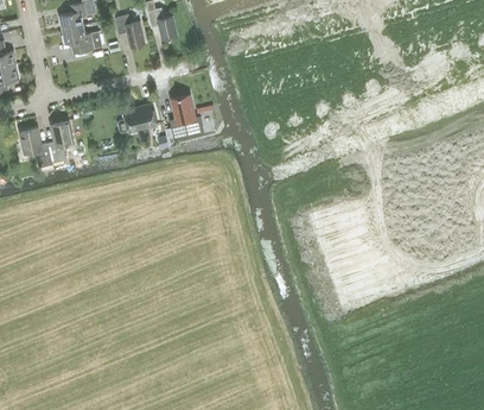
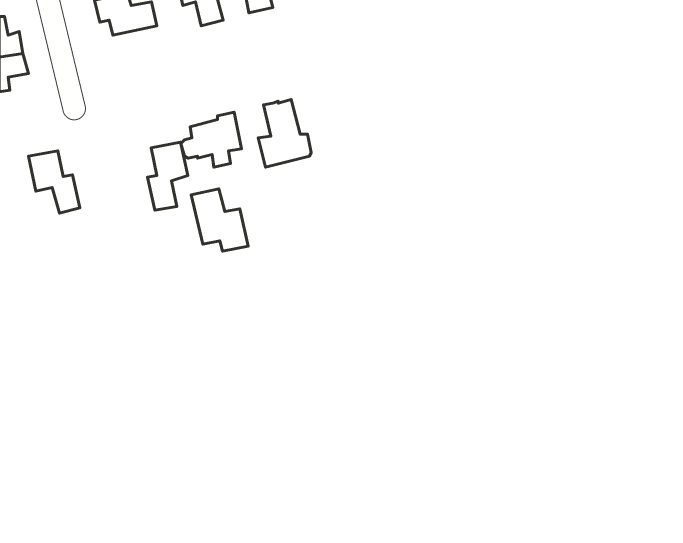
building: [47,120,74,164] -> [148,142,188,210]
building: none -> [191,189,248,251]

